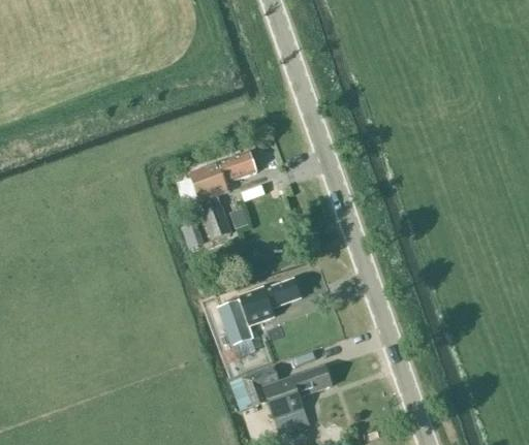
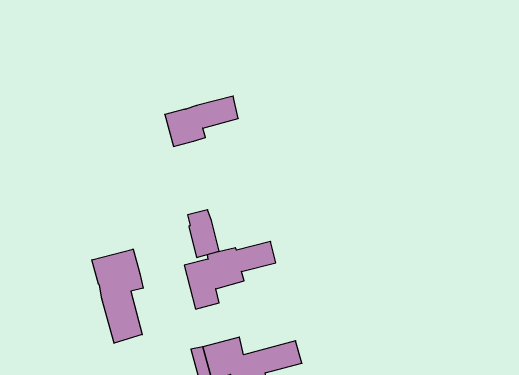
building: [200,194,231,237] -> [188,210,219,257]
building: none -> [92,249,143,343]

